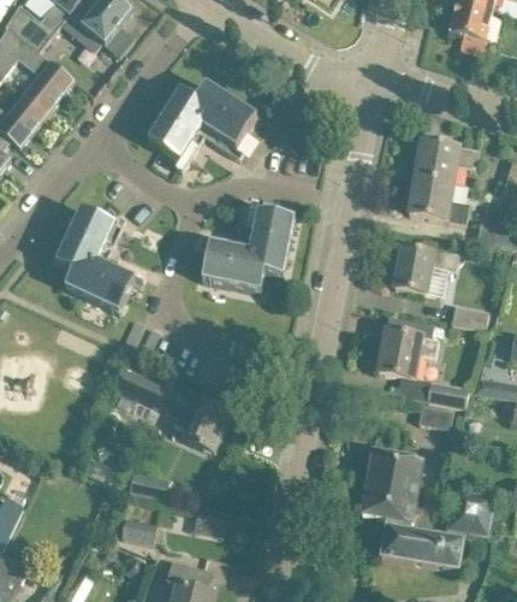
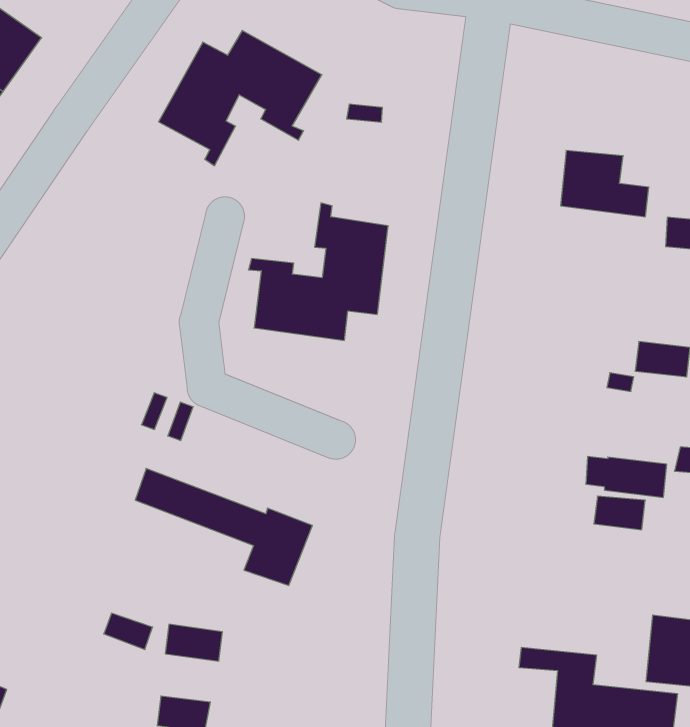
building: [414,138,477,182] -> none
building: [54,207,144,312] -> none
building: [388,246,456,293] -> none
building: [378,329,436,378] -> none
building: [363,450,421,509] -> none

